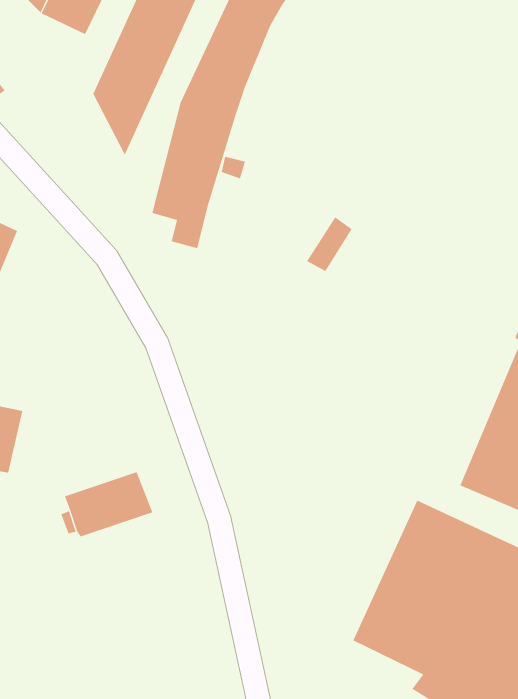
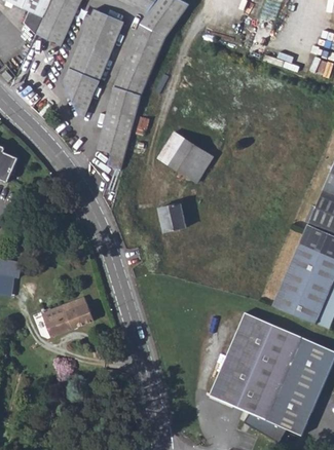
building: none -> [158,134,200,176]
building: none -> [160,204,185,233]

